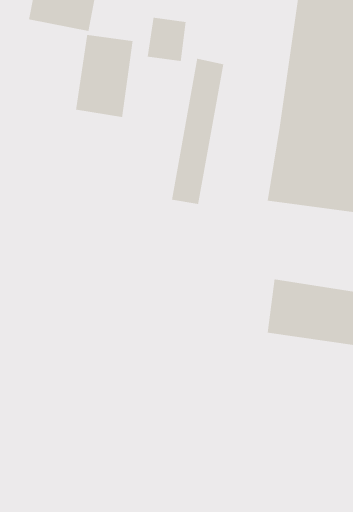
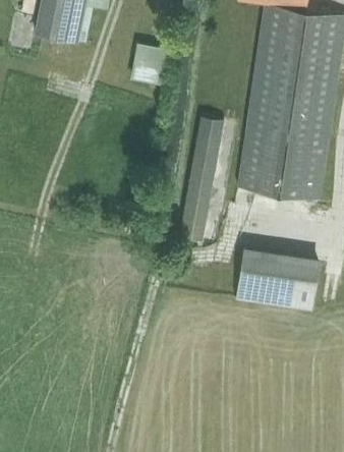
building: [76,34,133,118] -> none
building: [171,58,224,205] -> [179,116,224,240]

